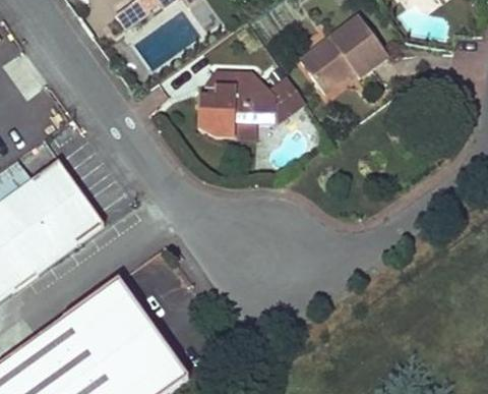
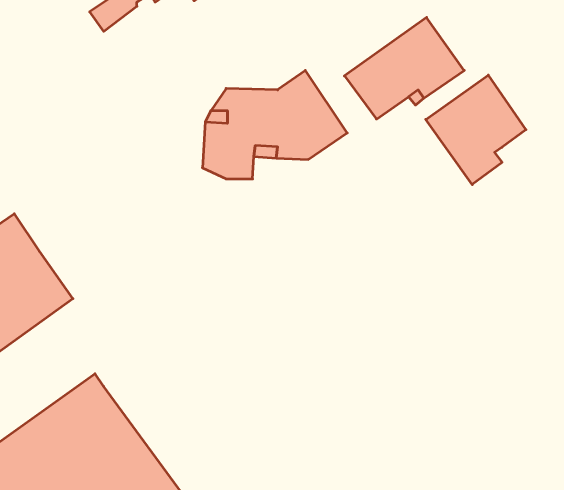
building: none -> [426,75,526,185]

